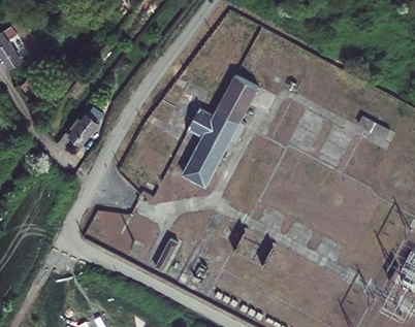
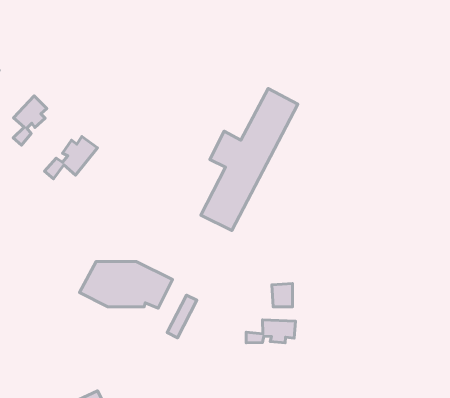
building: none -> [13,96,47,145]
building: none -> [246,320,296,343]

